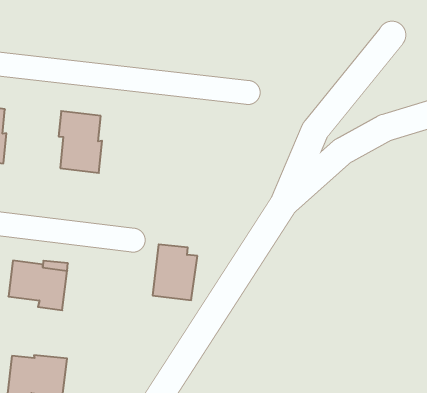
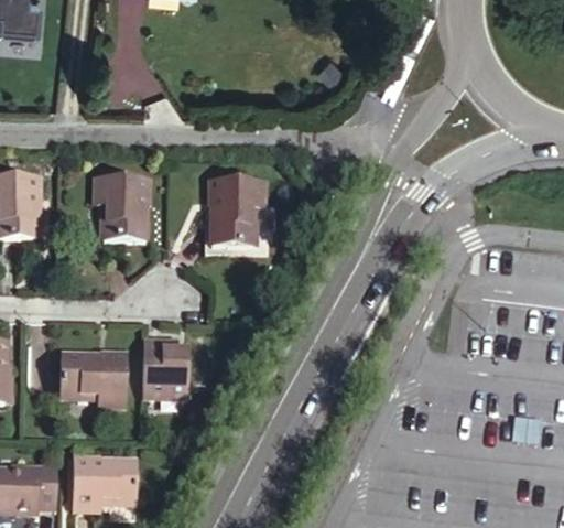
building: none -> [214,185,263,248]
building: [153,244,197,300] -> [140,338,187,399]

